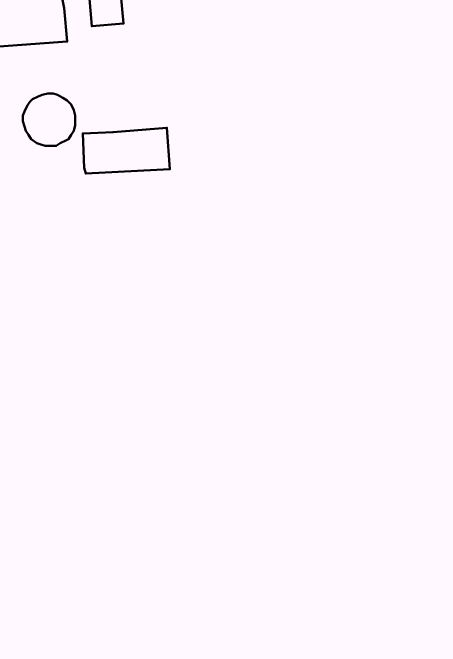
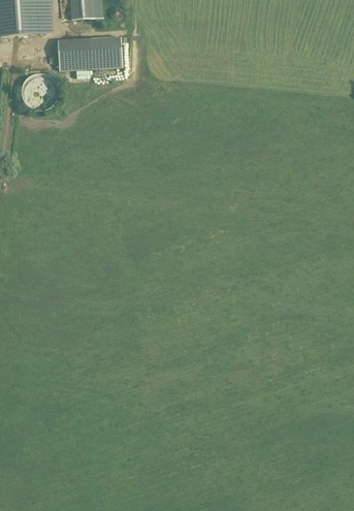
building: [83,128,170,173] -> [58,35,123,69]

